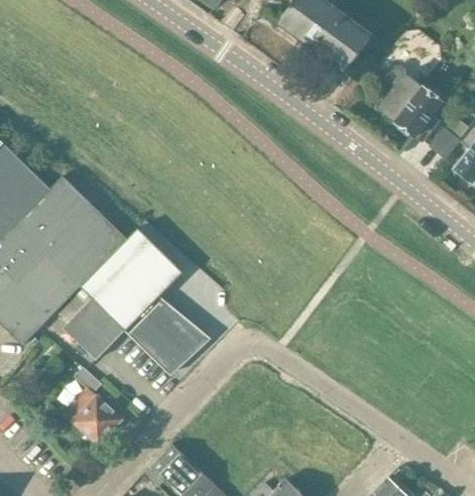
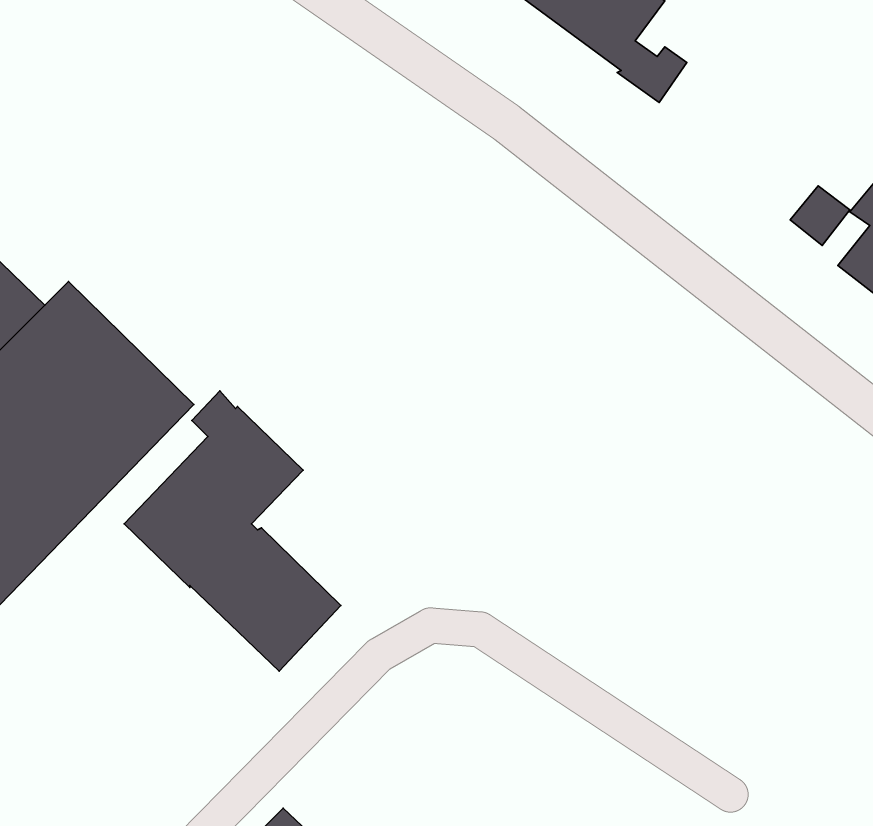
building: [377,67,442,141] -> none
building: [63,299,124,361] -> none
building: [64,366,121,446] -> none

